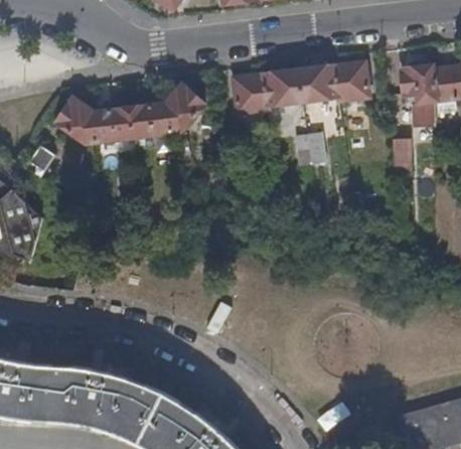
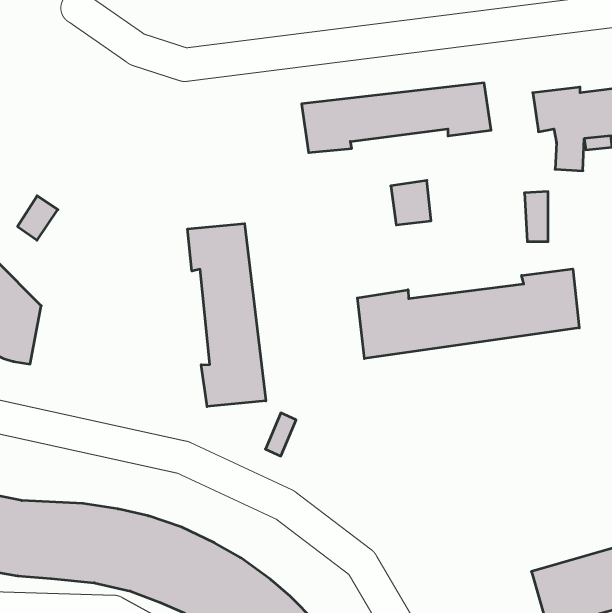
building: [57,83,204,140] -> none
building: none -> [188,224,266,407]
building: none -> [357,269,579,359]

